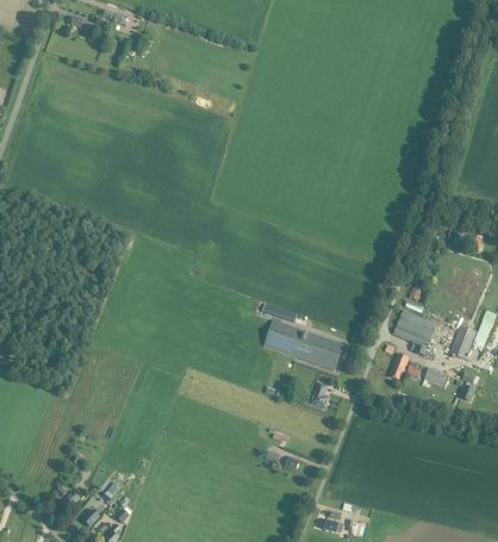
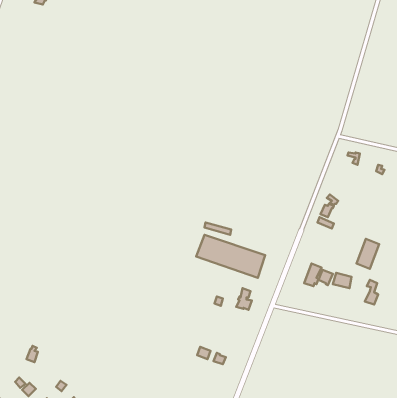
building: [393,310,437,355] -> none

